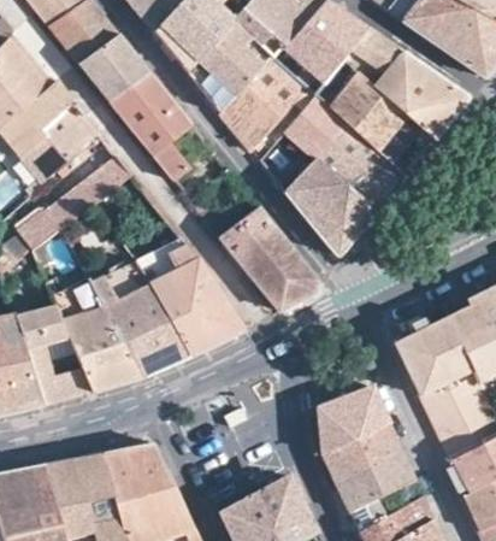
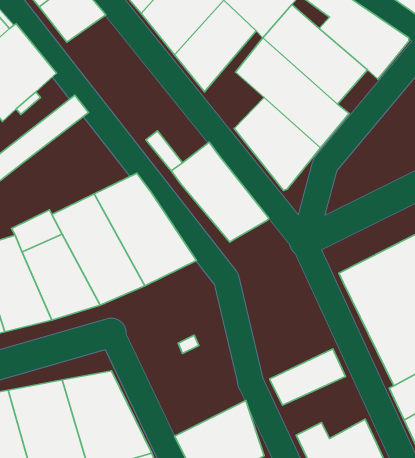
building: [107,71,191,181] -> none
building: [317,387,386,453] -> none
building: [333,451,414,512] -> none

